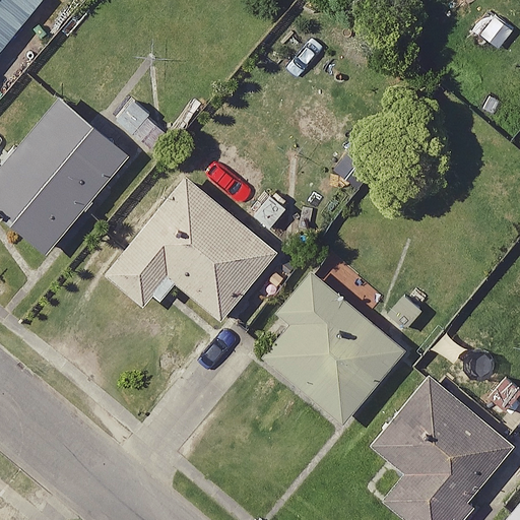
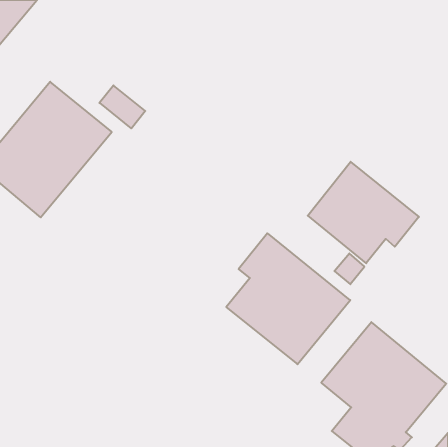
building: [103,178,277,321] -> none
building: none -> [308,162,419,263]

